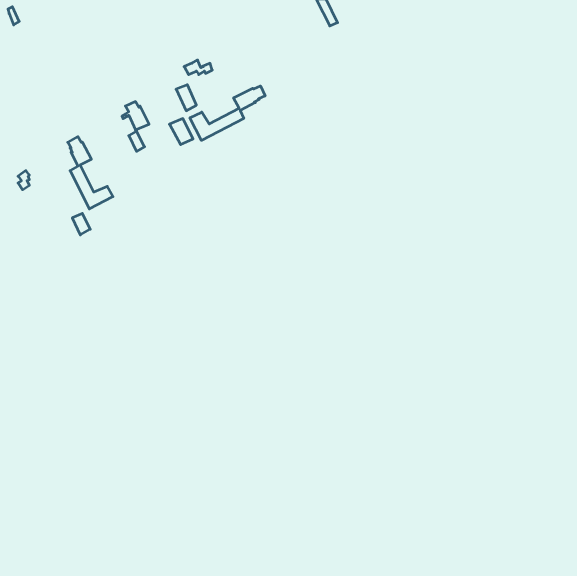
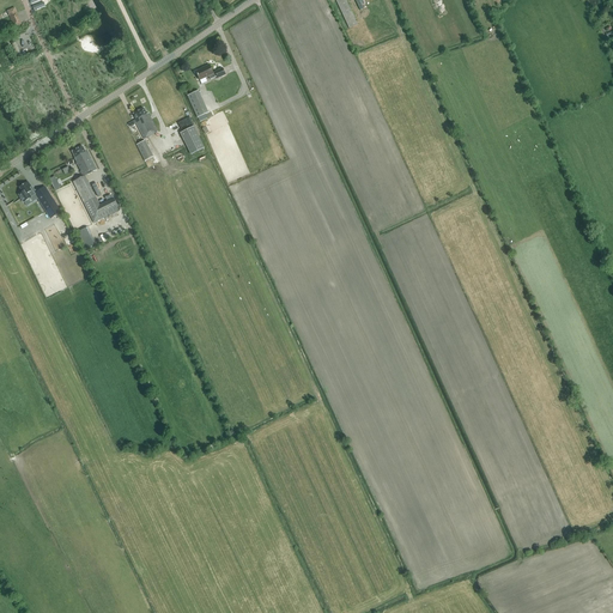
building: [190,86,265,140] -> none

